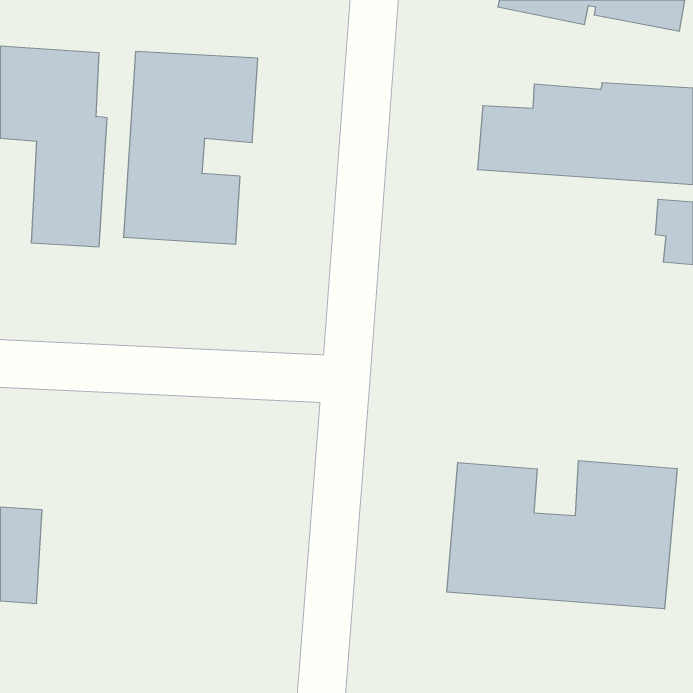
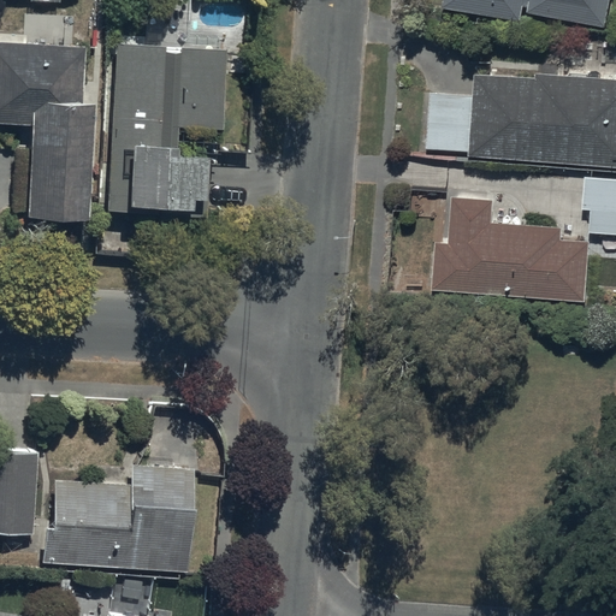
building: none -> [428,197,587,301]
building: [447,461,677,609] -> none
building: none -> [46,467,196,573]

